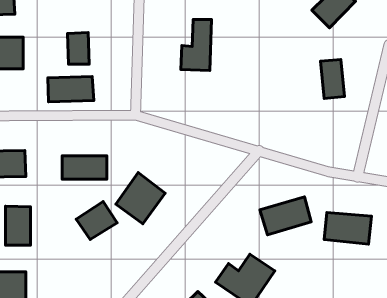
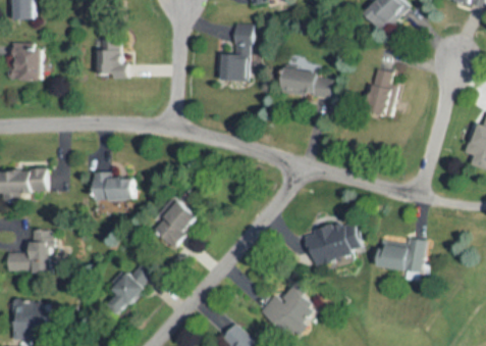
building: none -> [282,69,329,96]
building: [48,76,94,102] -> none
building: [76,201,117,239] -> [108,267,153,309]

